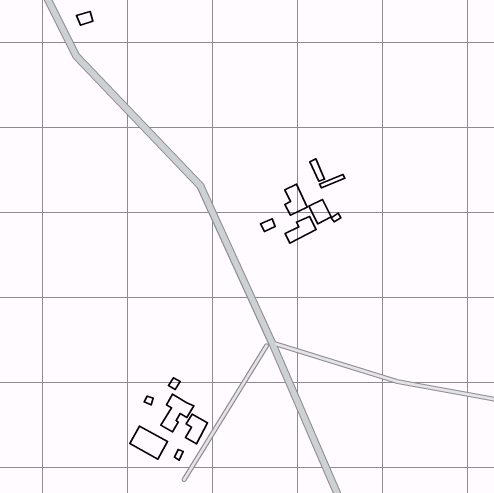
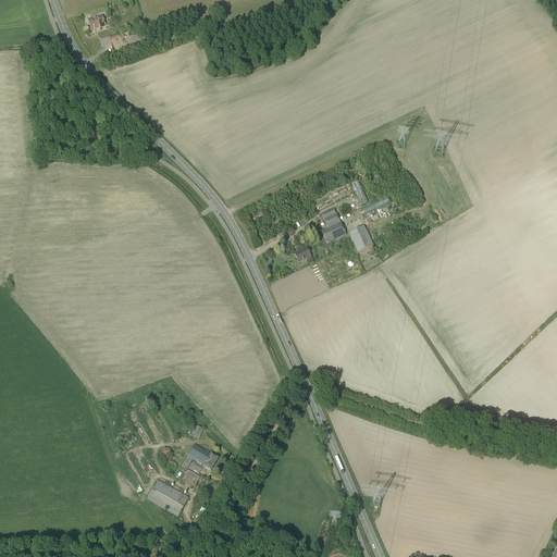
building: [285,216,316,243] -> none
building: [186,414,208,444] -> none

